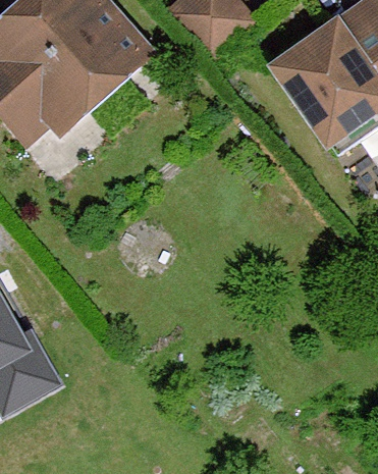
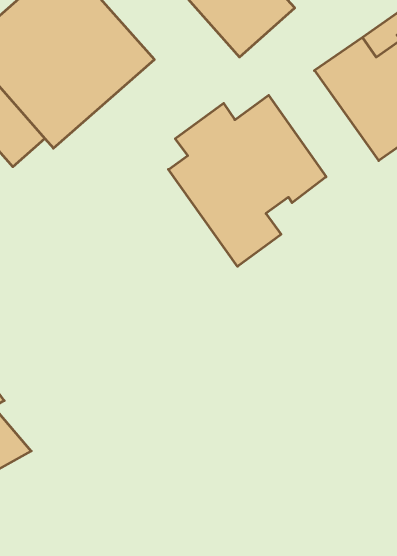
building: none -> [168,95,326,266]

